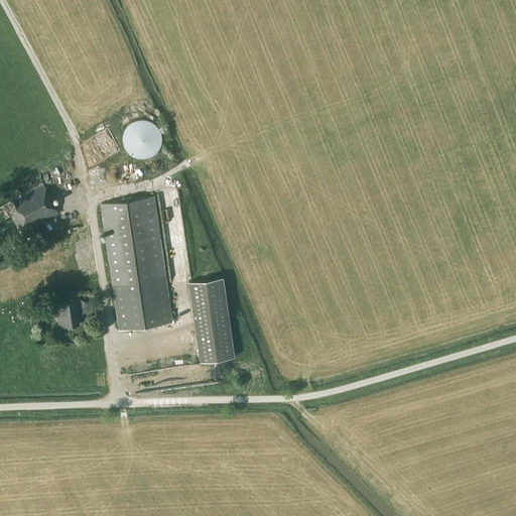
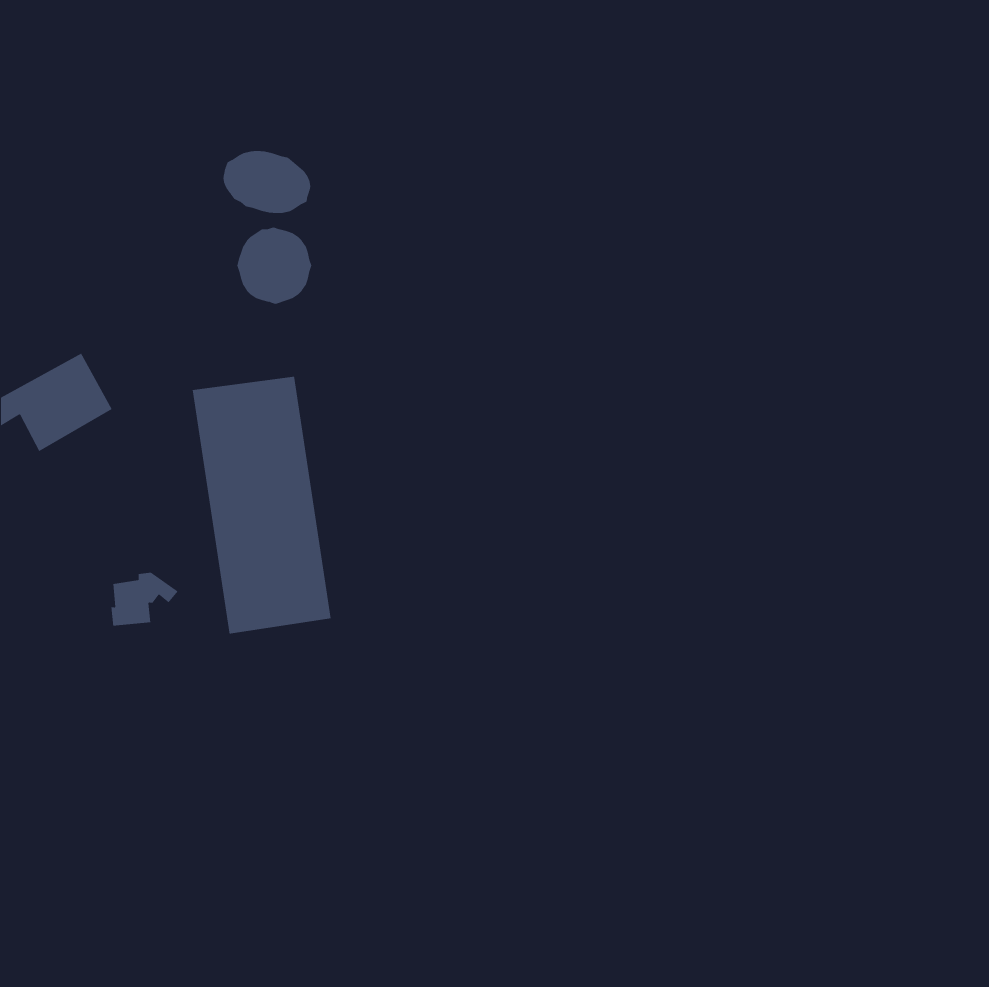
building: none -> [223,150,311,214]
building: [189,278,235,363] -> none

